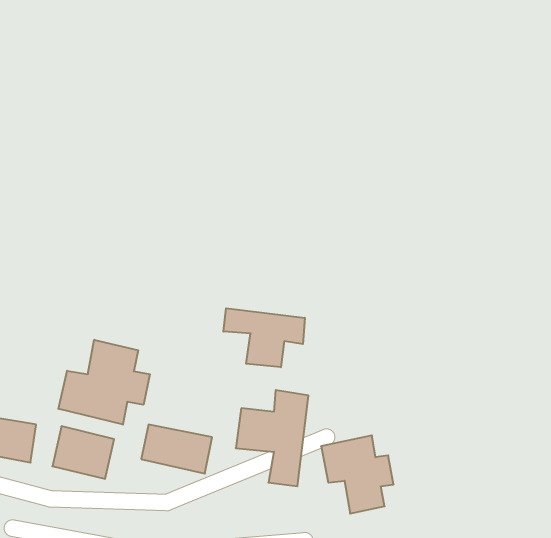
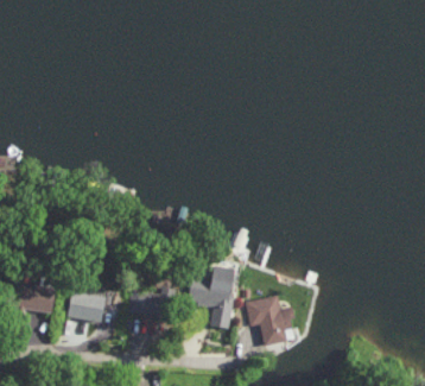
building: [223,308,305,367] -> none
building: [58,340,150,425] -> none

